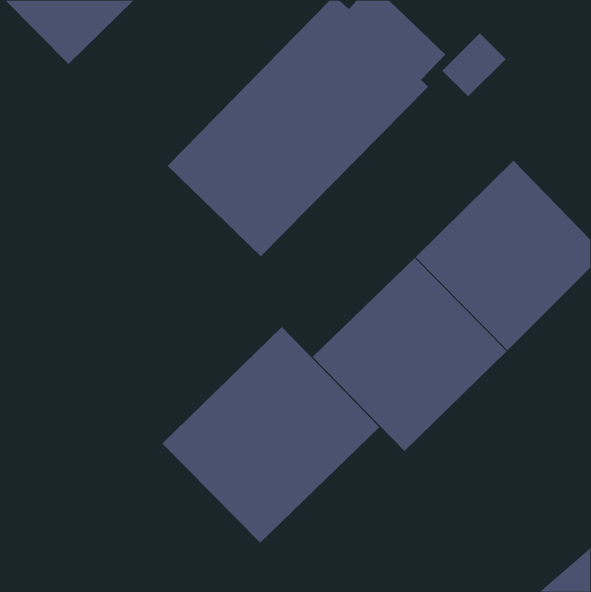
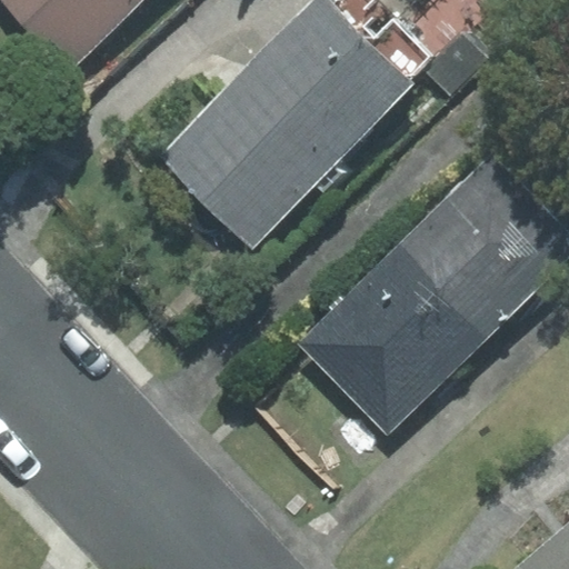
building: [161,326,380,543] -> none

